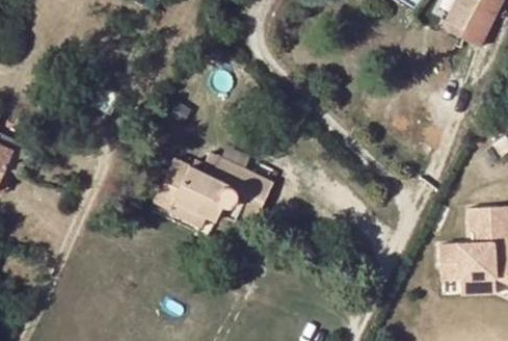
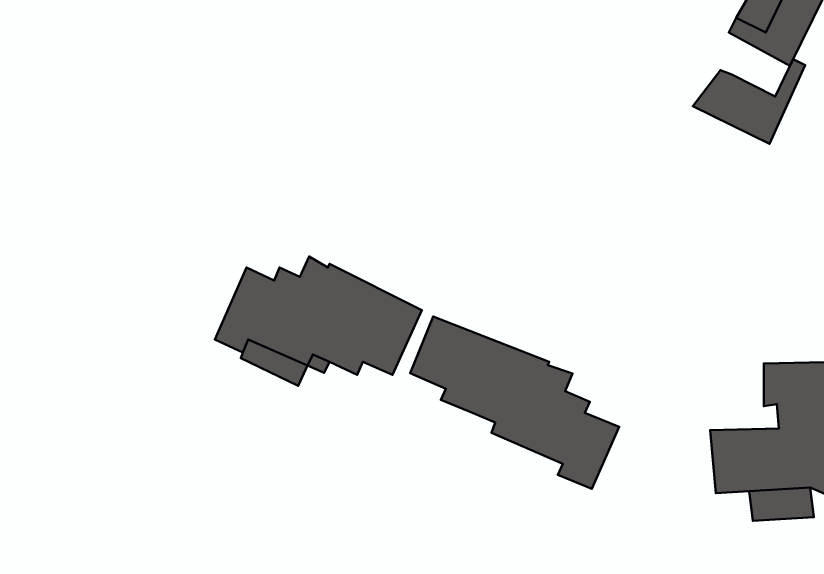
building: none -> [693,59,805,144]
building: none -> [410,317,619,489]

